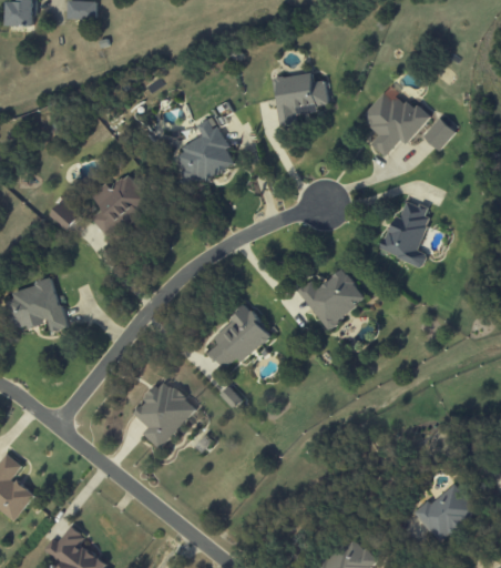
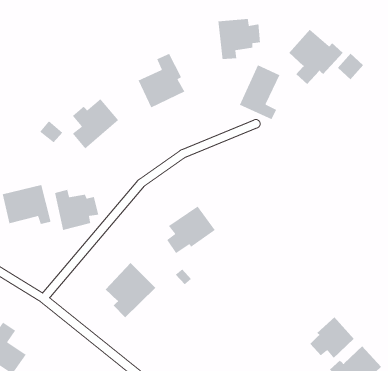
building: [381,199,433,268] -> [239,64,281,120]
building: [298,268,367,328] -> none
building: none -> [54,189,99,231]
building: none -> [309,317,355,359]

